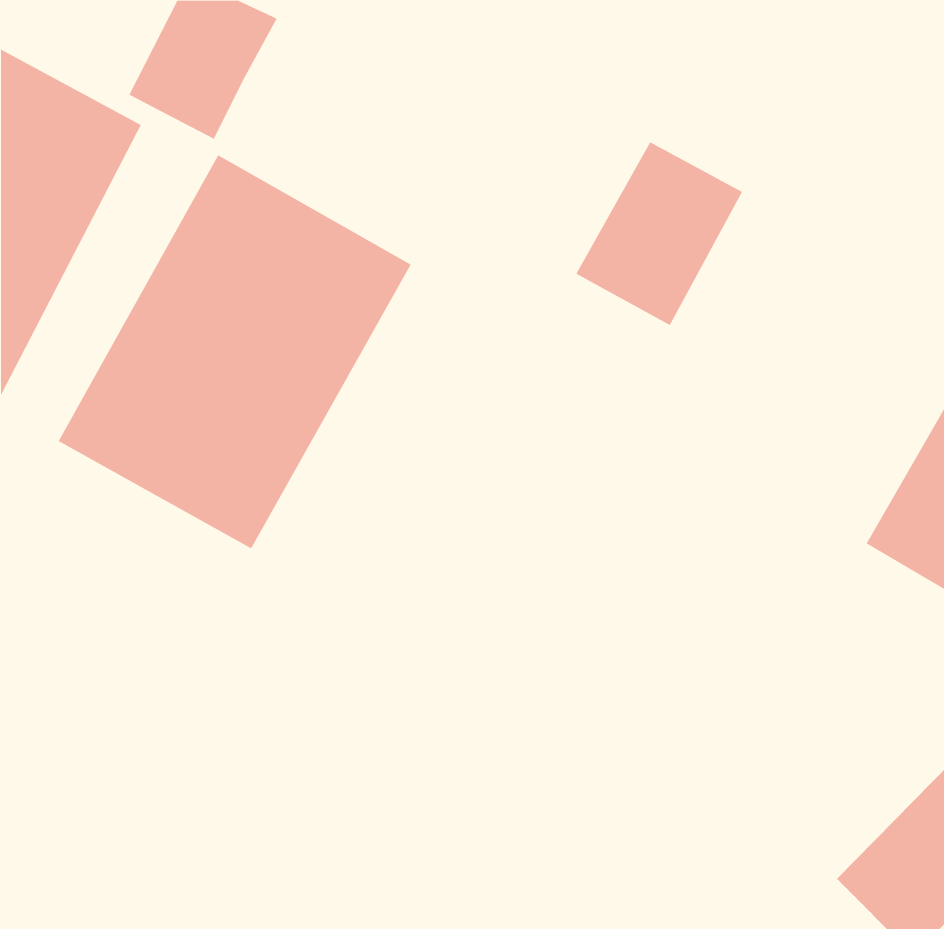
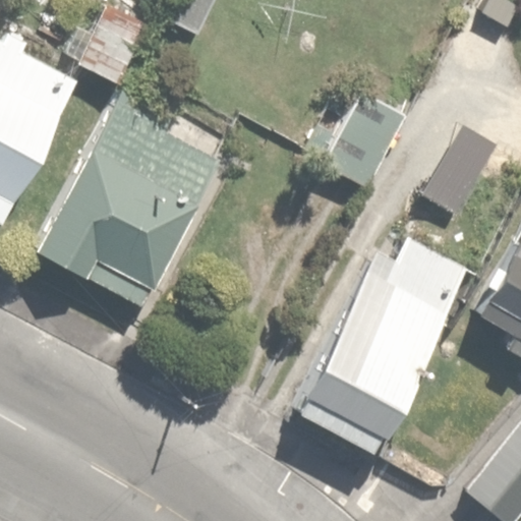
building: none -> [286,236,466,455]

